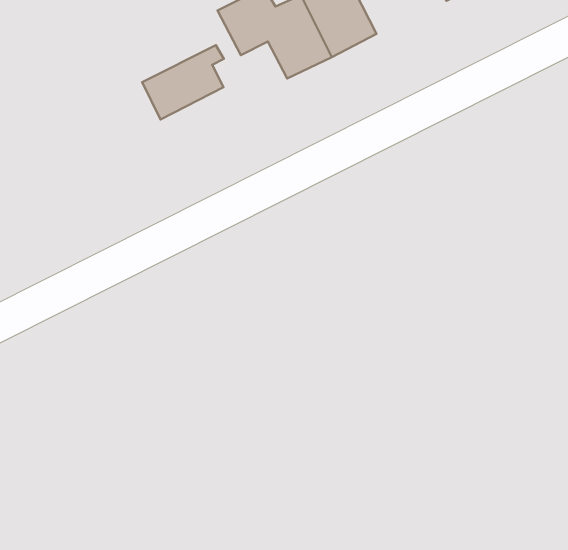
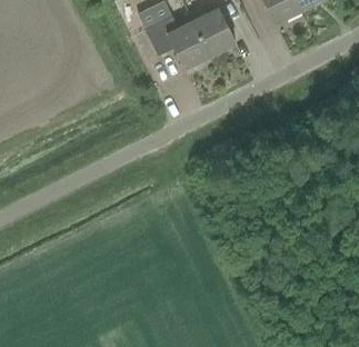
building: [142,45,224,120] -> none

